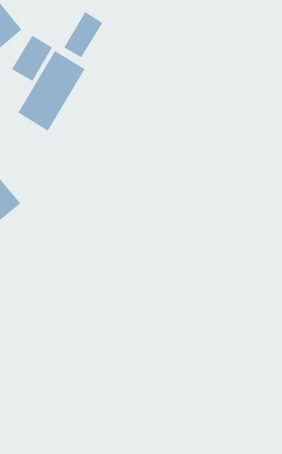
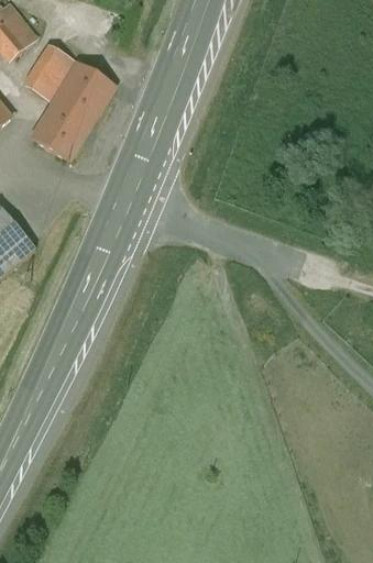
building: [63,11,103,58] -> none

